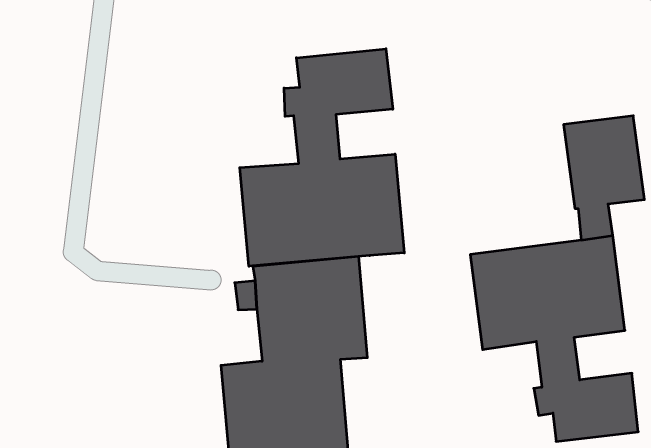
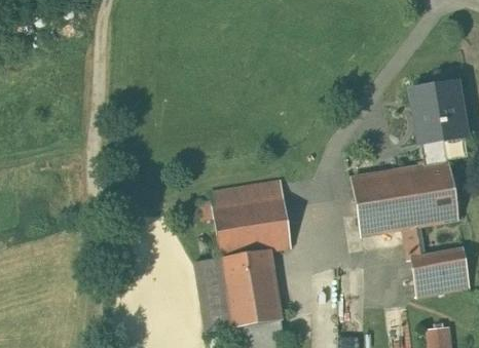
building: [240,49,404,266] -> none

